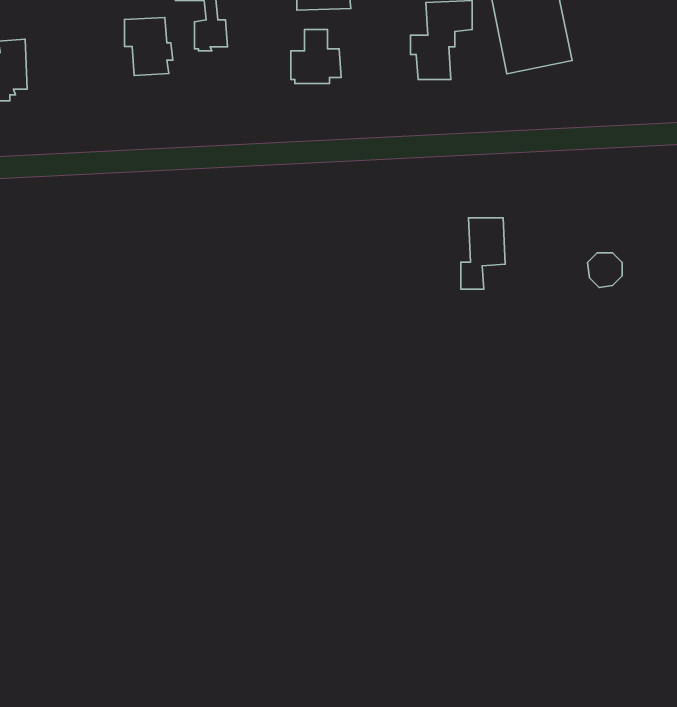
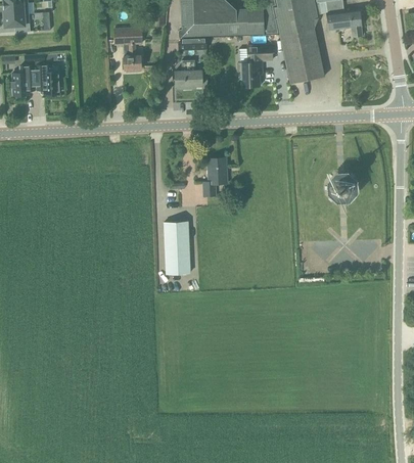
building: [125,18,173,75] -> [36,63,61,94]
building: [461,218,505,289] -> [203,157,227,195]
building: none -> [164,222,190,273]

